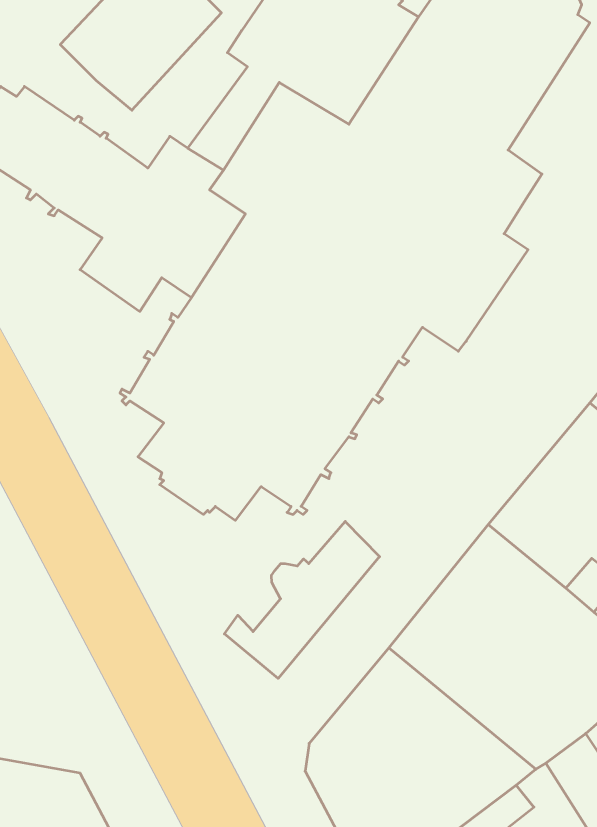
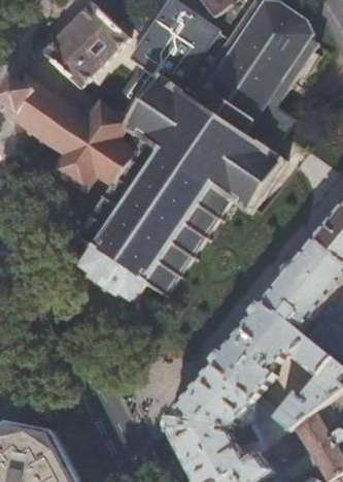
building: [224,521,380,678] -> none

